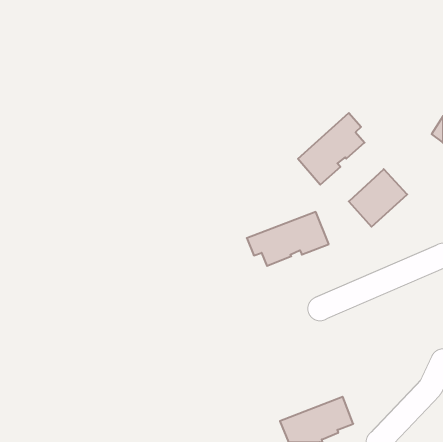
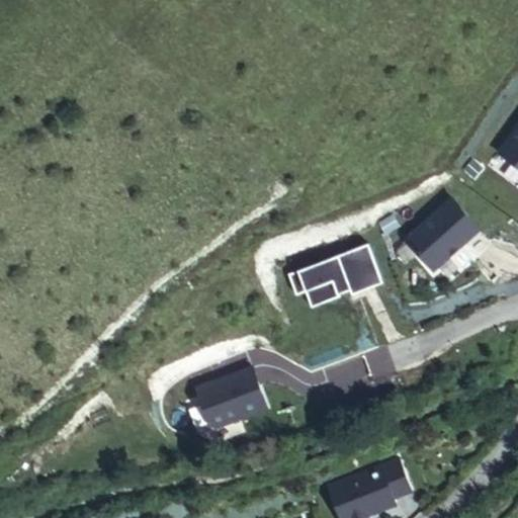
building: [298,113,365,185] -> none
building: none -> [196,370,268,429]

